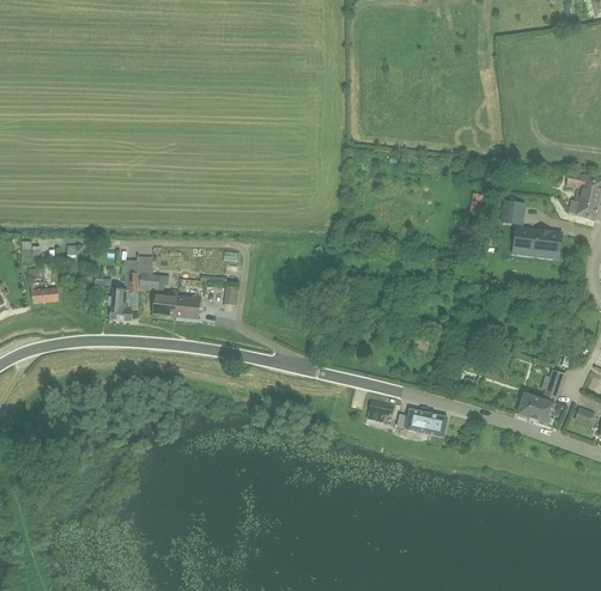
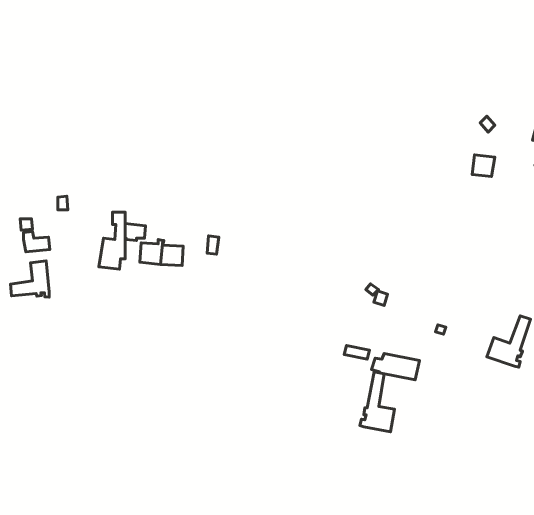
building: [514,229,560,252] -> none
building: none -> [10,261,49,297]
building: none -> [360,372,395,432]

